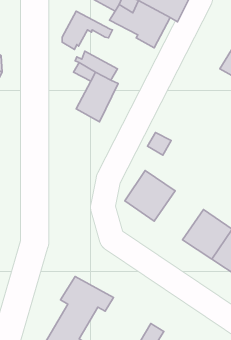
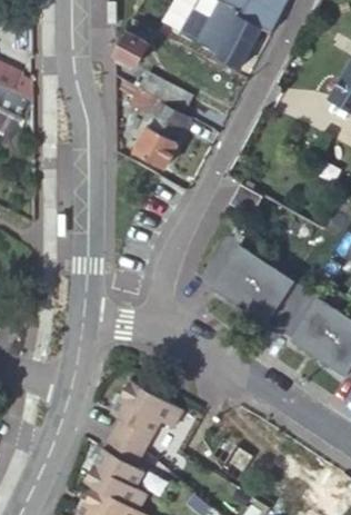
building: none -> [241,264,309,330]

